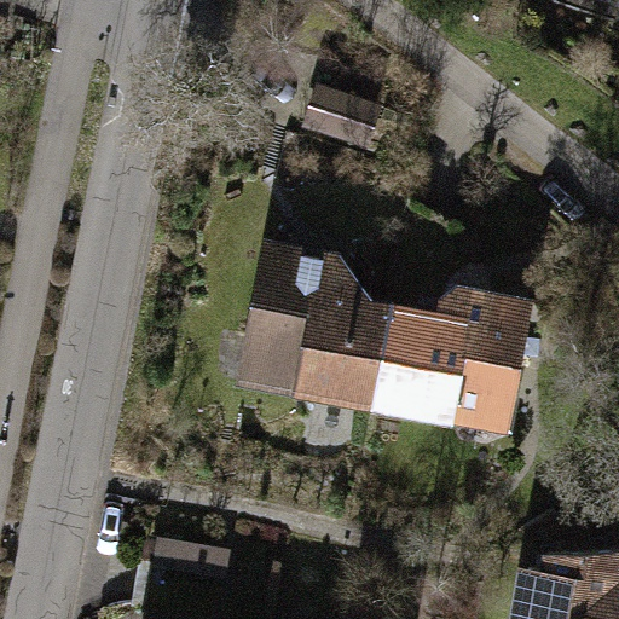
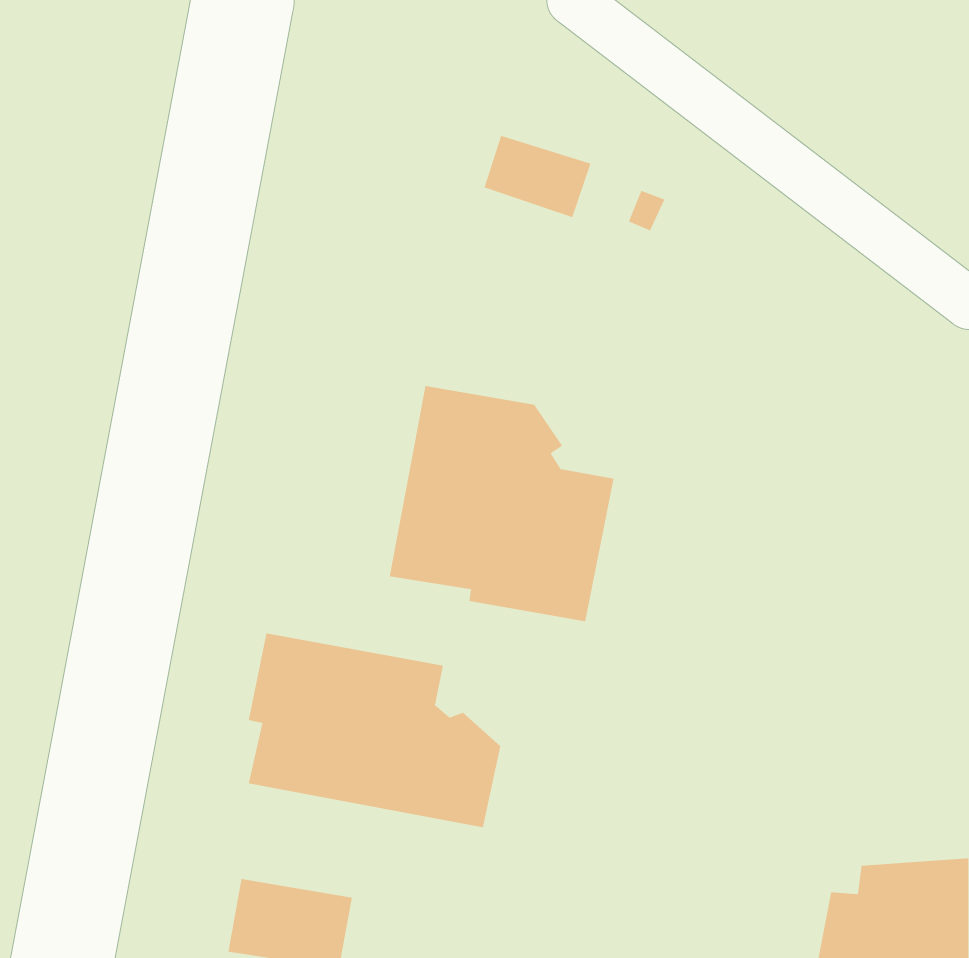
building: [374,297,527,427] -> none
building: none -> [248,633,501,828]

